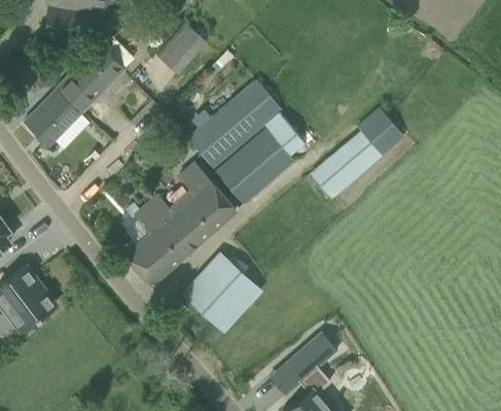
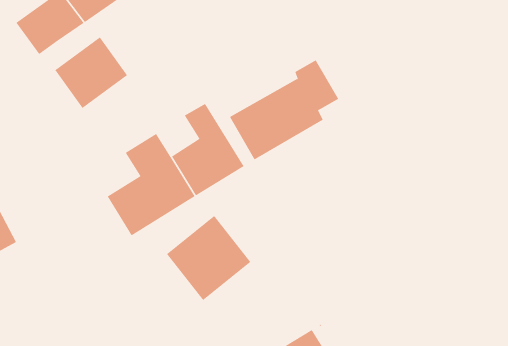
building: [188,77,282,167] -> none
building: [310,108,404,200] -> none
building: none -> [54,36,128,109]

